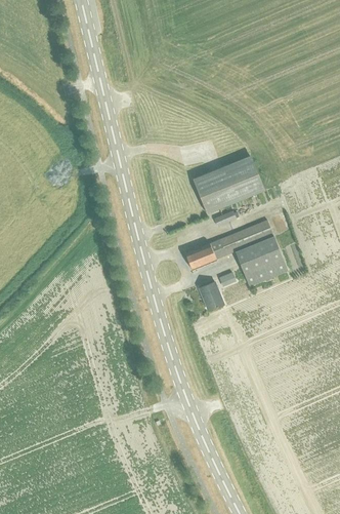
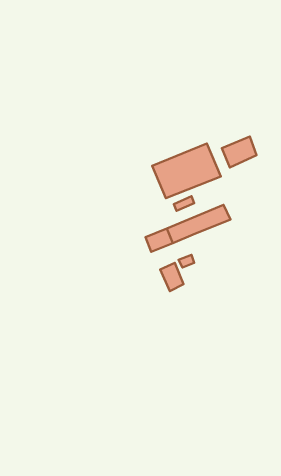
building: none -> [222,137,257,167]
building: [235,236,289,286] -> none

